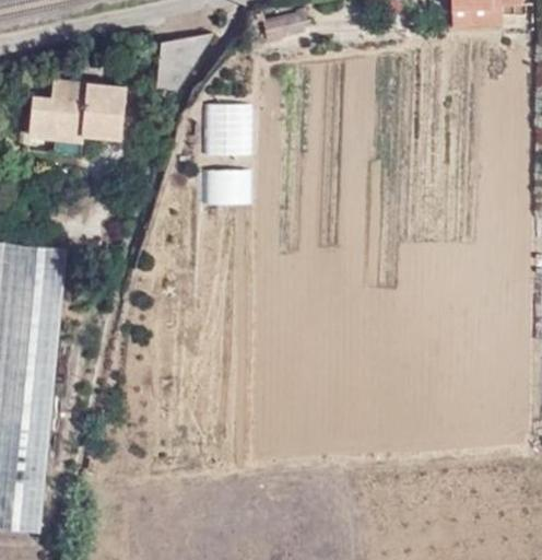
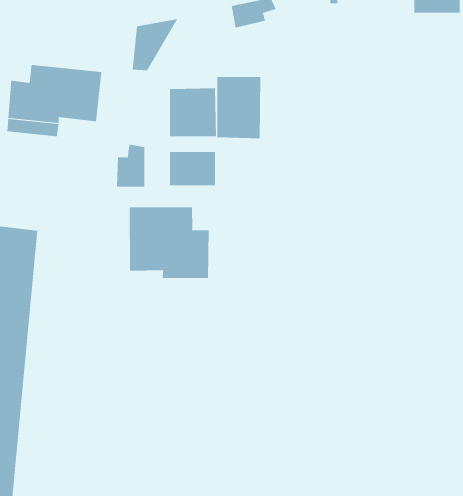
building: none -> [217,76,261,139]
building: none -> [116,144,145,187]
building: none -> [129,207,209,279]

